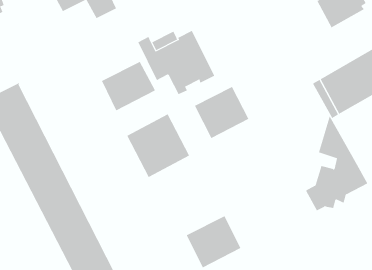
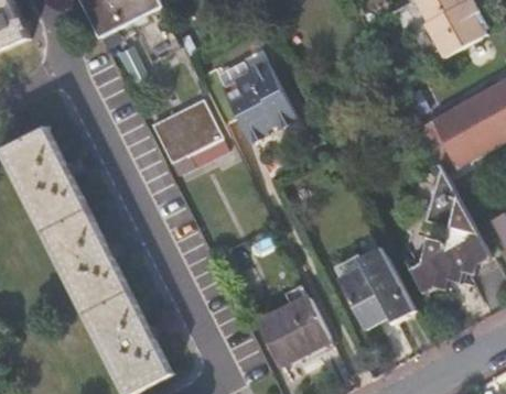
building: [194,86,249,139] -> none
building: [126,114,190,178] -> none
building: none -> [333,247,416,328]

